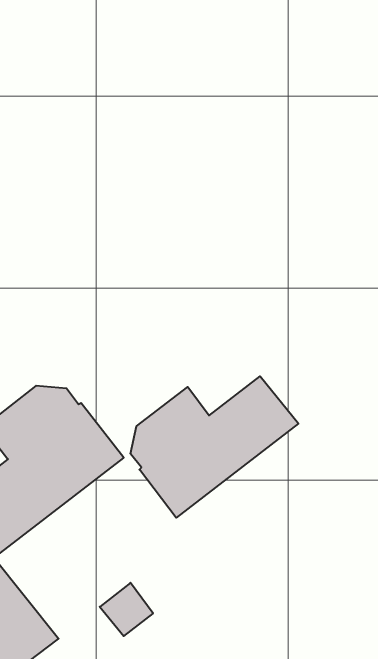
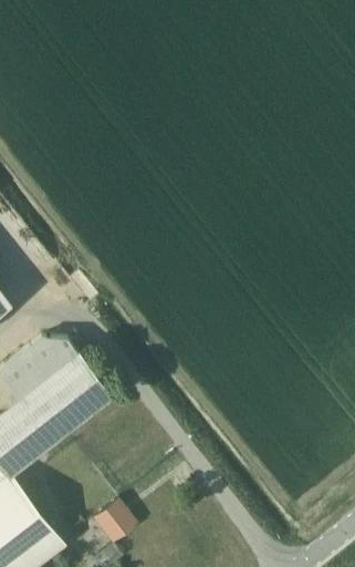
building: [131,376,298,518] -> none

